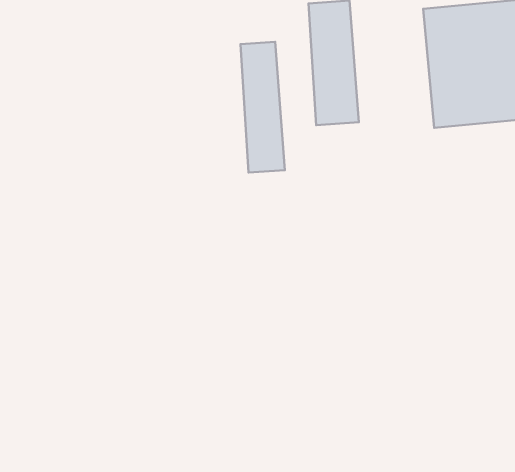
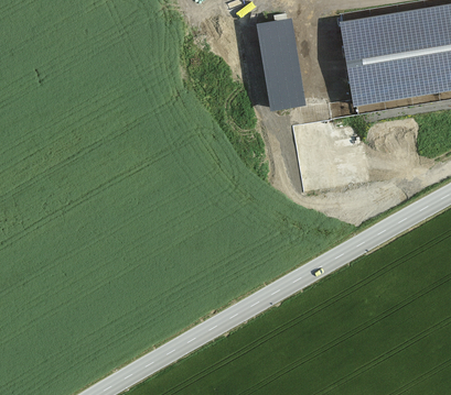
building: [240,42,285,173] -> none

